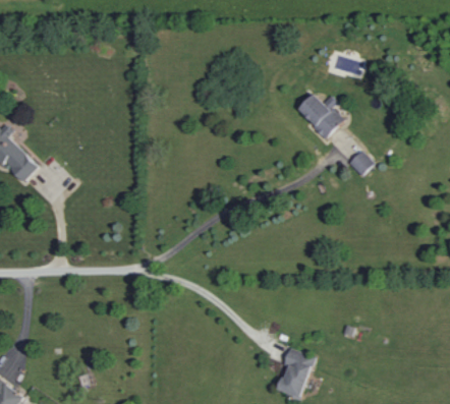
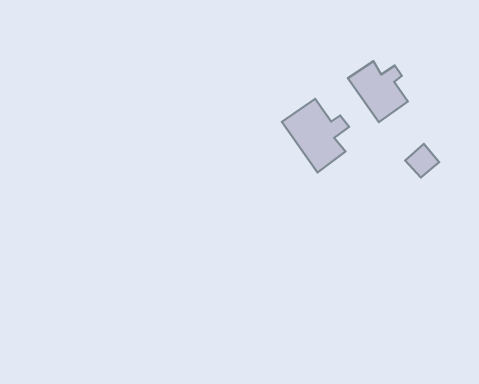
building: none -> [282,99,349,172]

